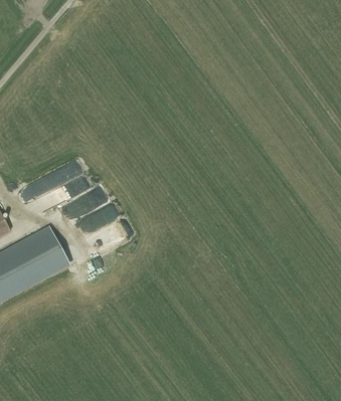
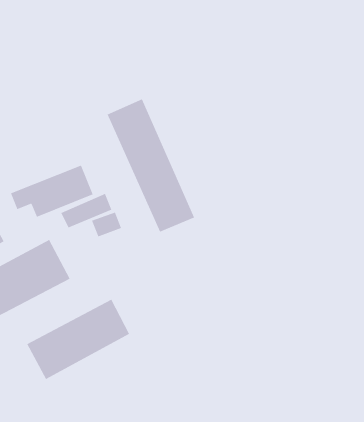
building: none -> [107,98,195,233]
building: none -> [27,299,130,380]

